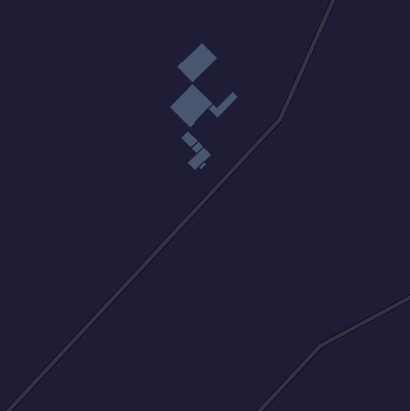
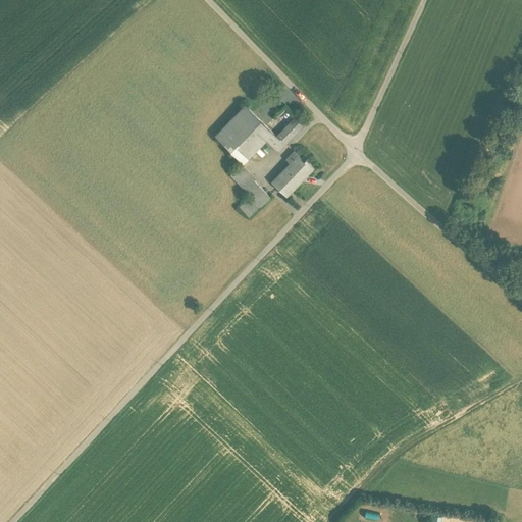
building: [176,42,218,83] -> none
building: none -> [269,150,312,196]

